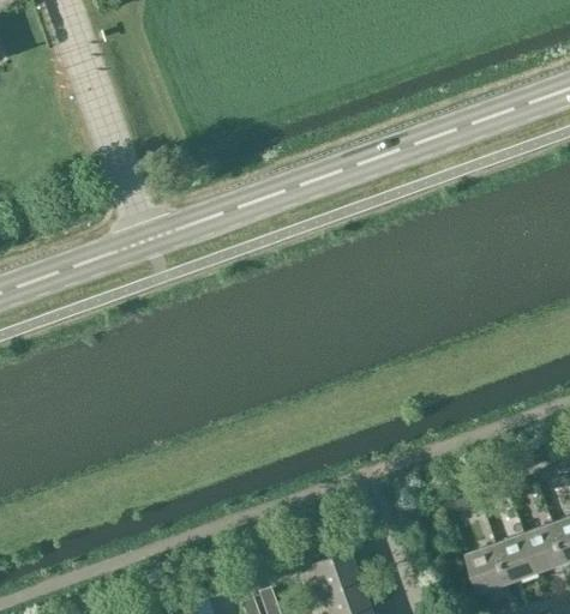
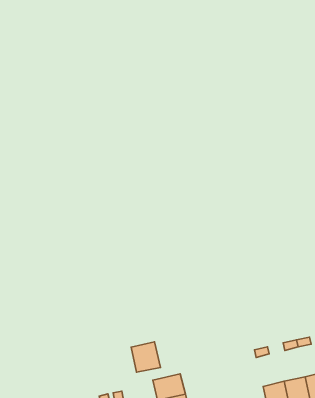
building: none -> [131,342,160,372]

